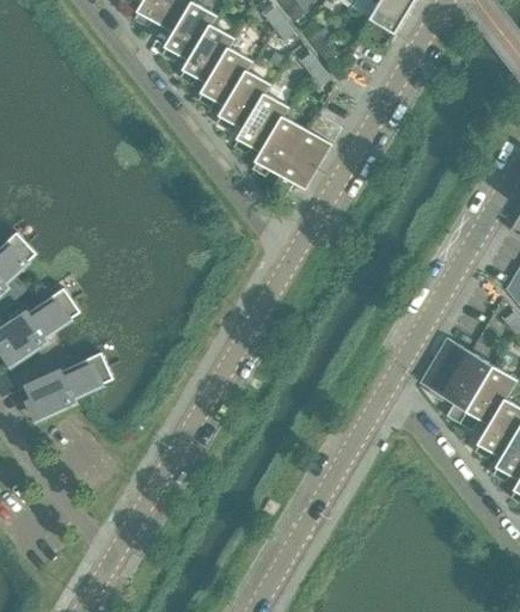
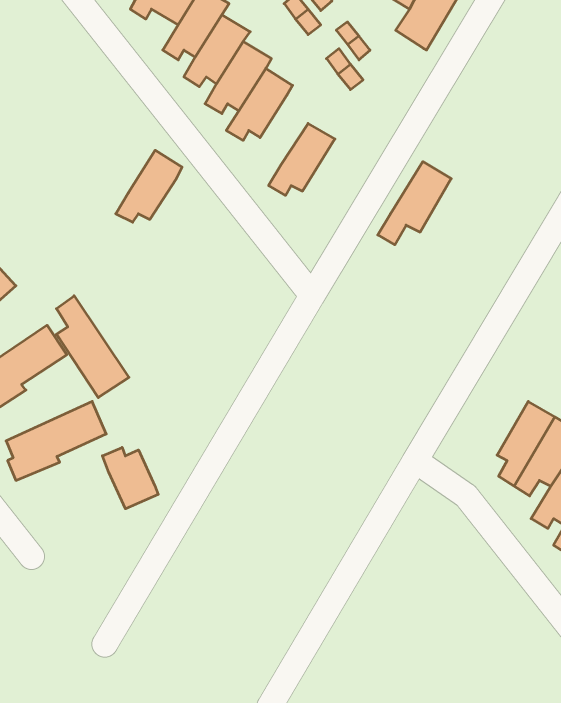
building: [232,92,288,153] -> [116,150,182,222]
building: [268,129,330,200] -> [378,162,451,245]
building: none -> [56,296,129,398]
building: [418,336,470,400] -> none
building: none -> [102,447,158,509]

